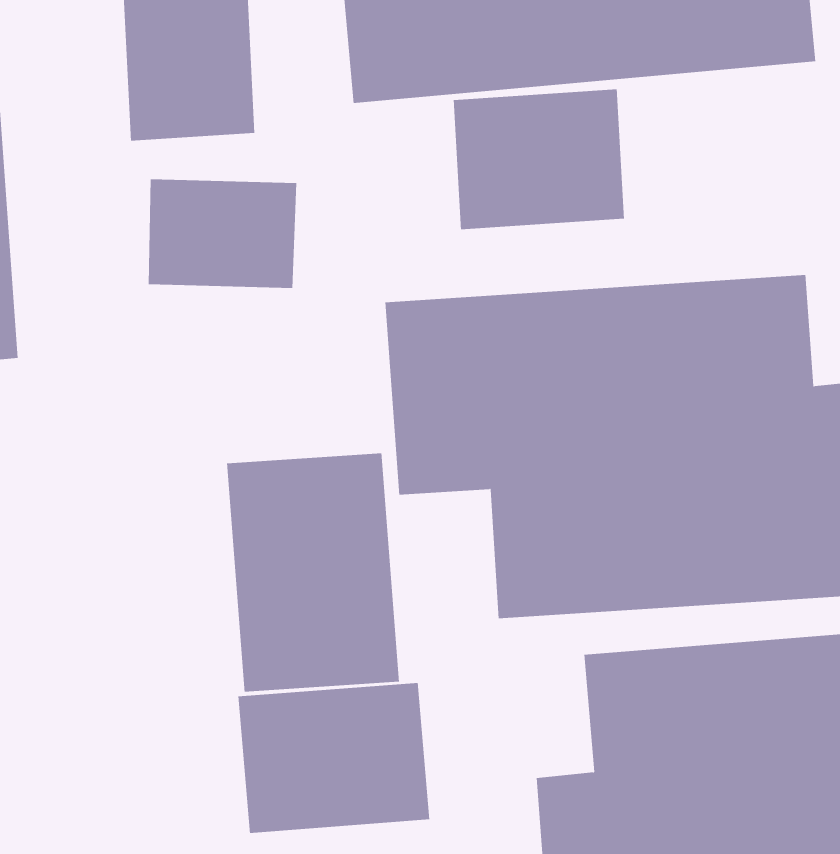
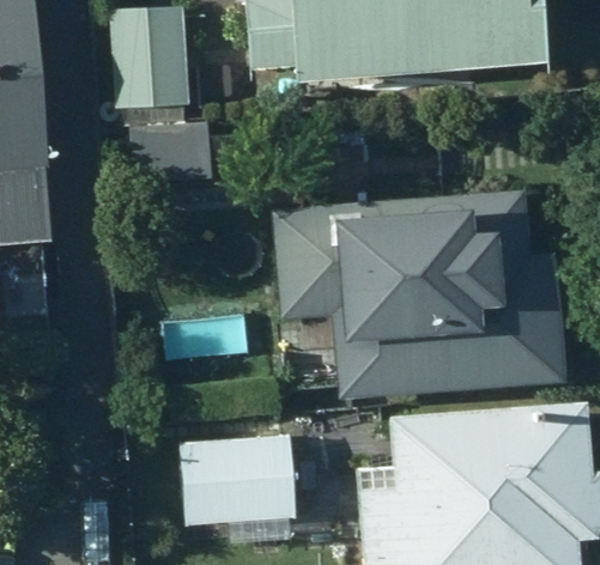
building: [453,89,625,230] -> none
building: [226,453,400,692] -> none

